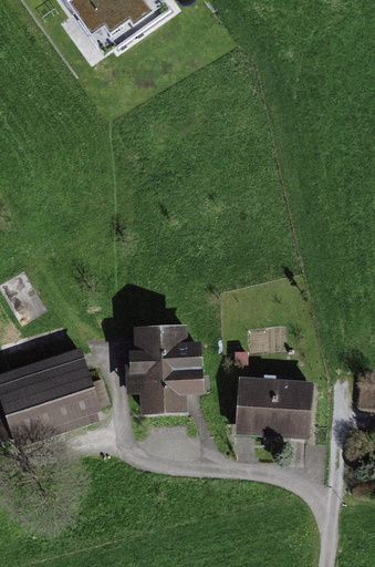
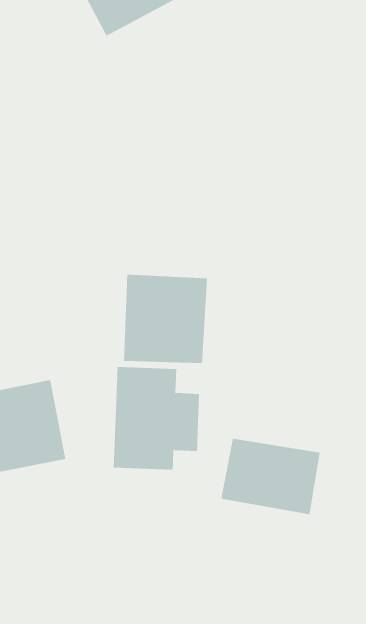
building: none -> [124,274,207,364]

